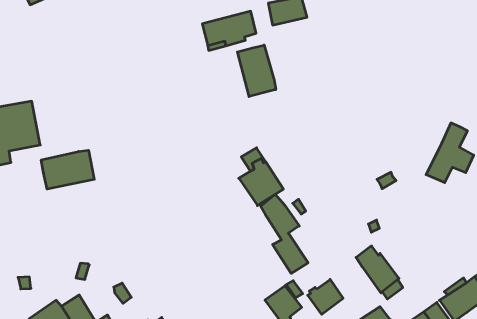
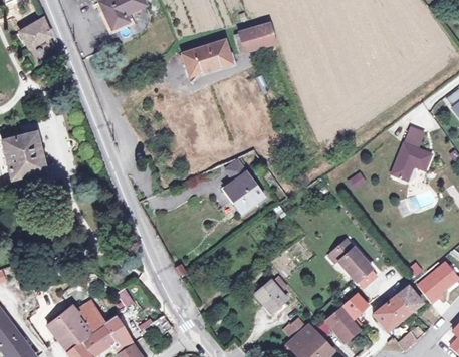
building: [237,45,276,97] -> none
building: [41,150,94,189] -> none
building: [261,194,308,273] -> none
building: [308,279,343,314] -> none

